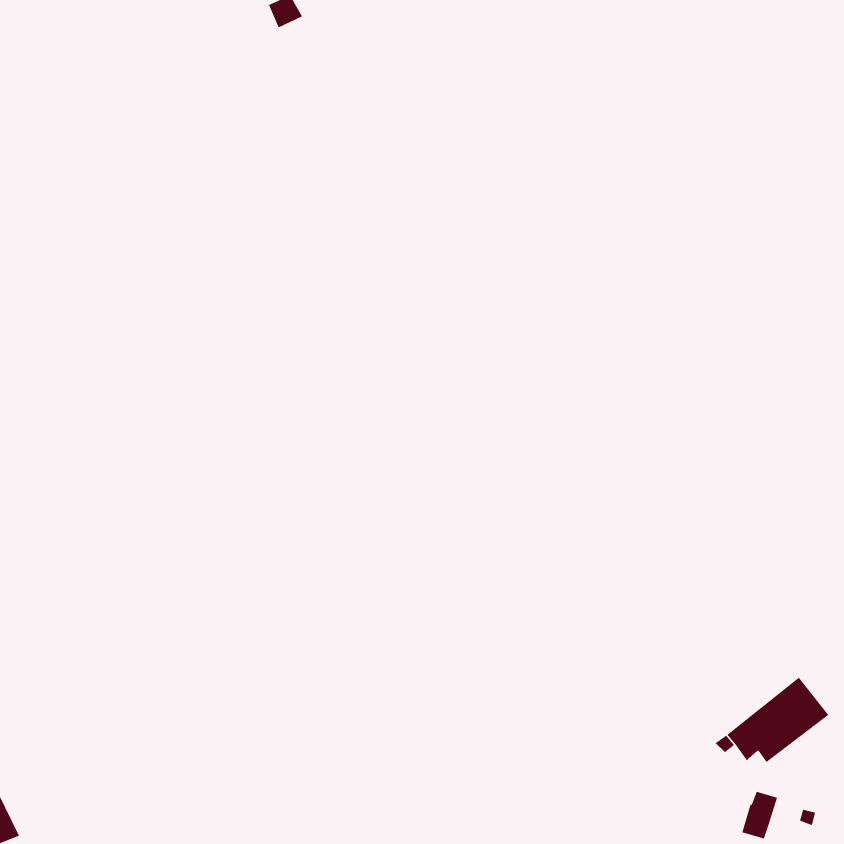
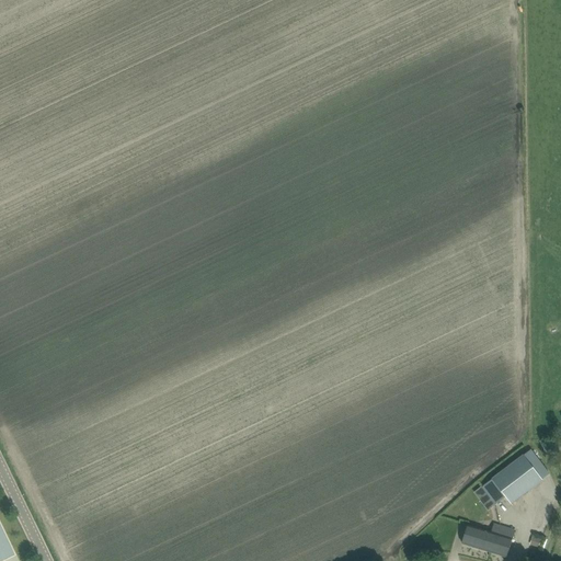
building: none -> [461,522,501,551]

